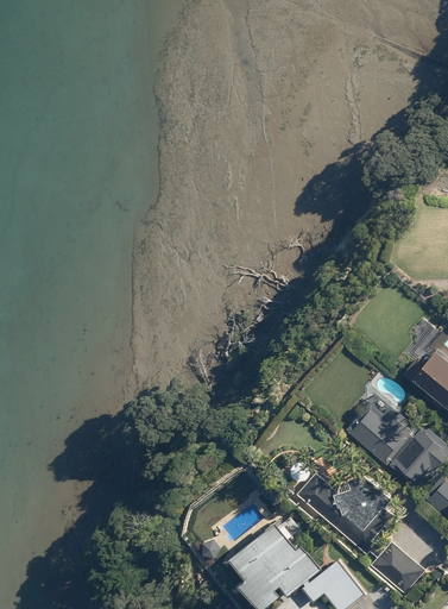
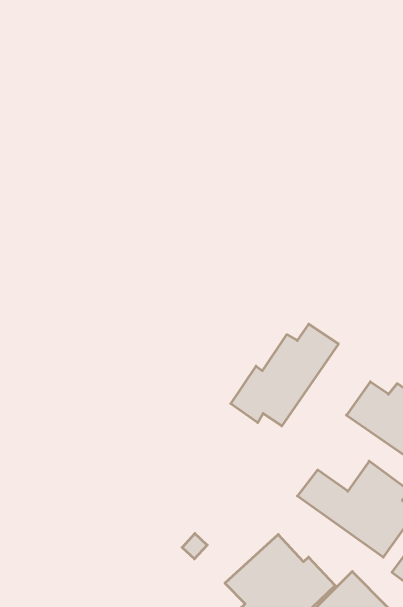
building: none -> [231,324,338,426]

